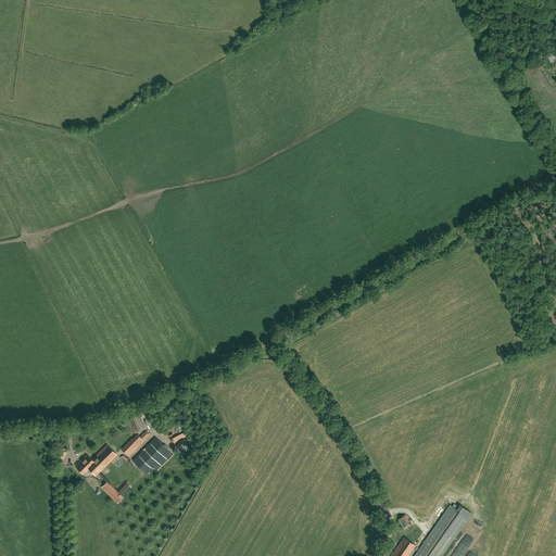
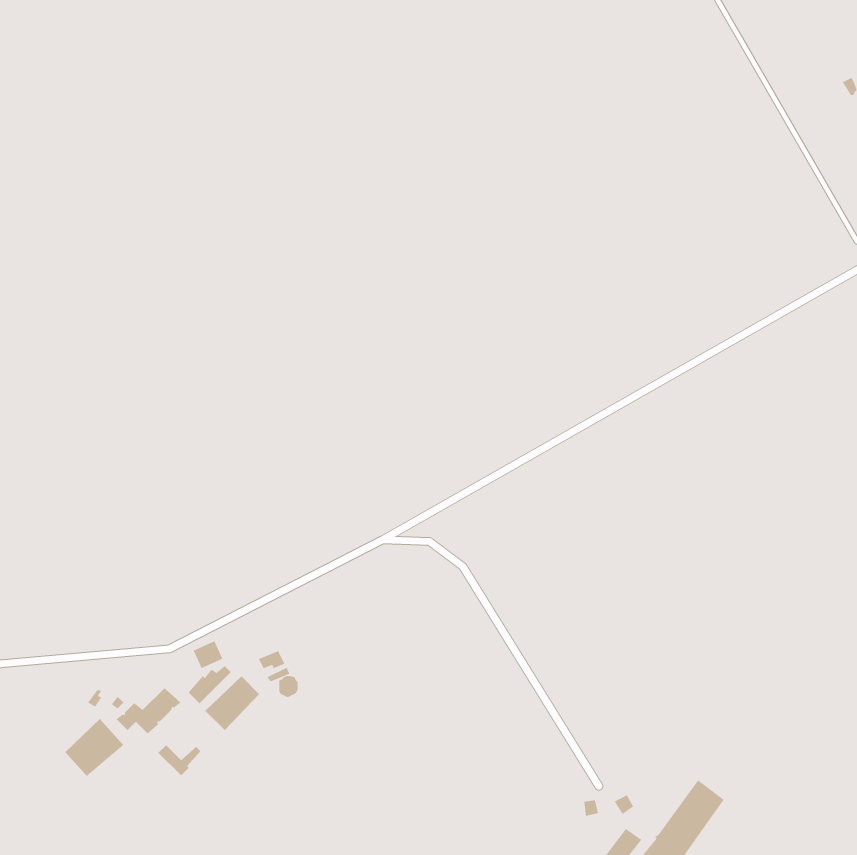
building: none -> [65,718,124,777]

